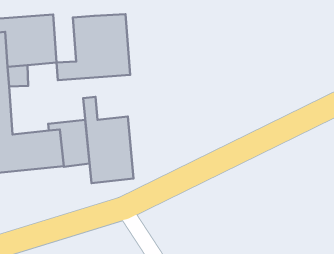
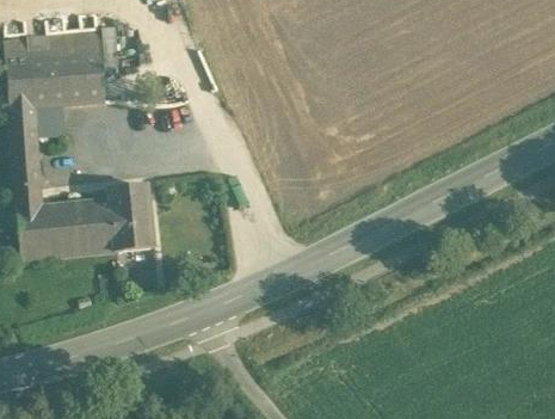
building: [56,14,130,80] -> none
building: [83,97,134,183] -> none

